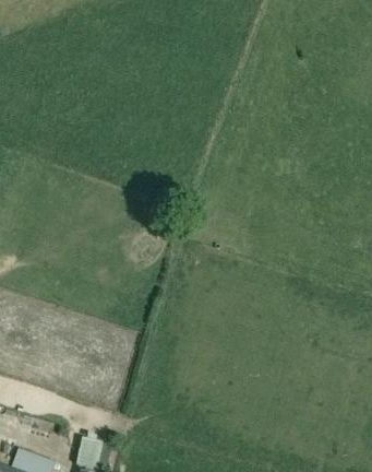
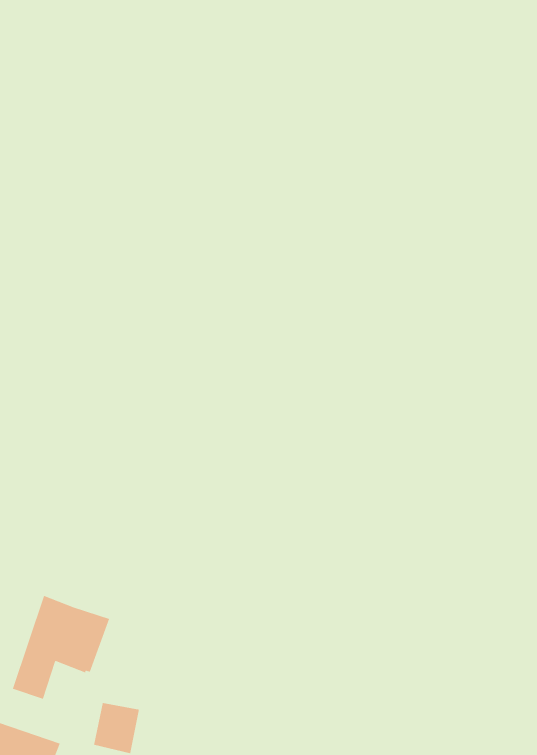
building: none -> [12,595,110,700]

